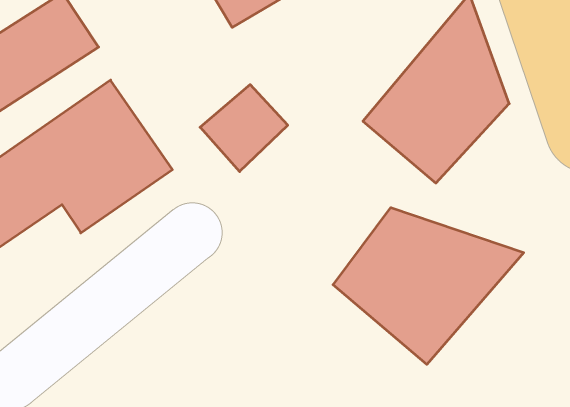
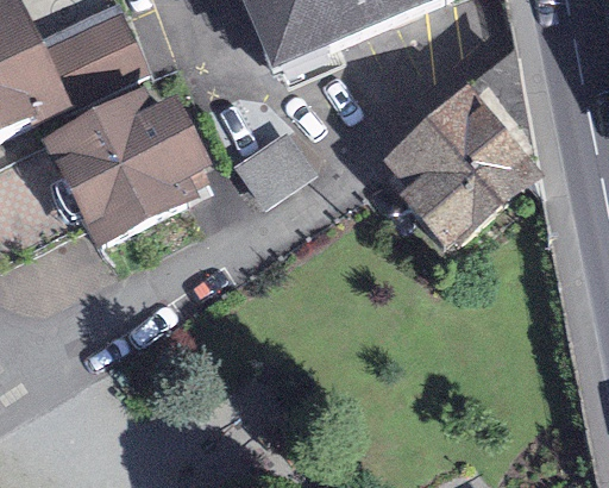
building: [333,208,524,364] -> none

